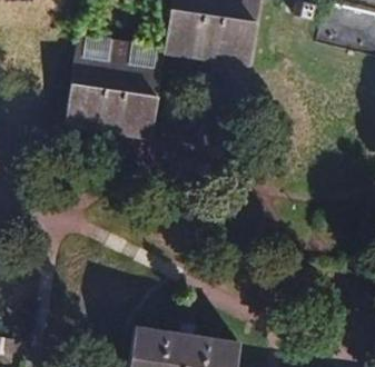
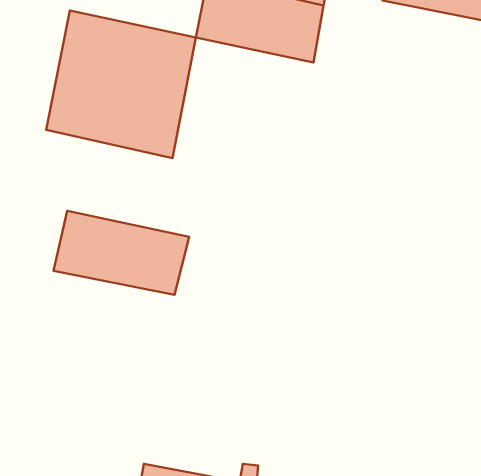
building: none -> [53,211,189,295]

